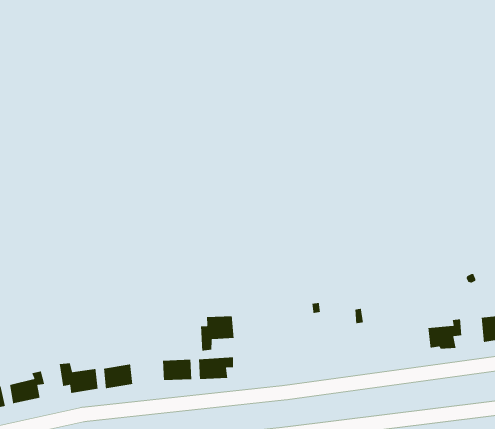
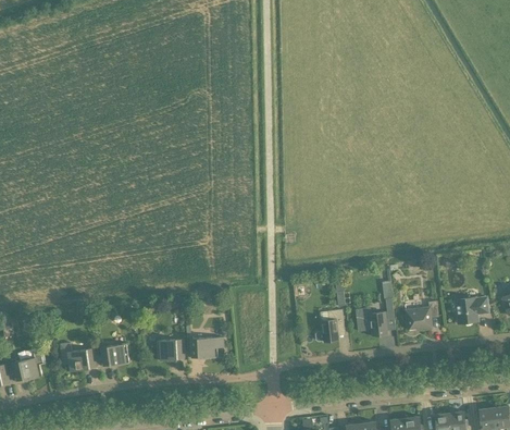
building: none -> [369,287,395,335]
building: [200,316,234,351] -> none
building: none -> [314,308,344,342]

